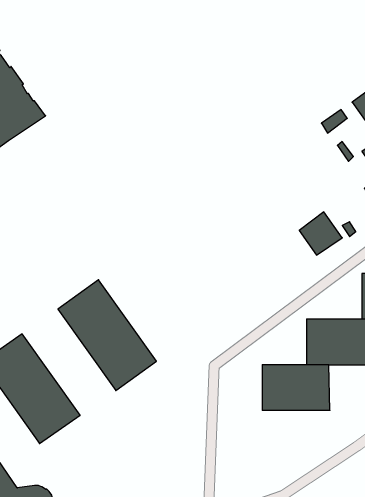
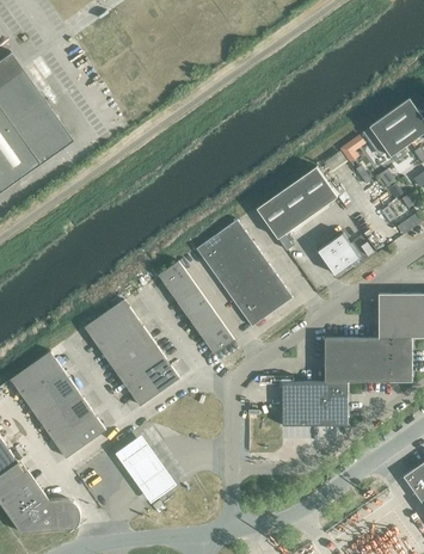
building: none -> [258,167,338,251]
building: none -> [197,220,293,327]
building: none -> [159,261,234,355]
building: none -> [116,435,178,503]

